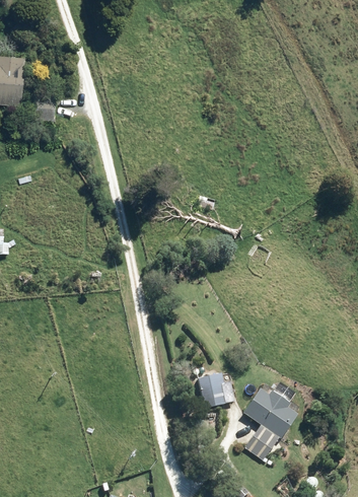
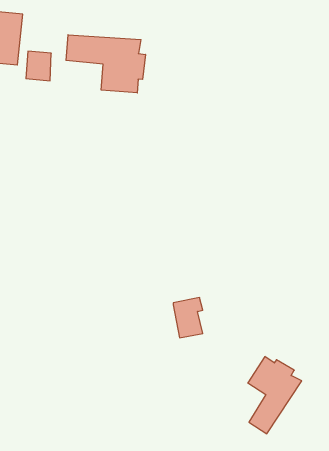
building: none -> [66,35,145,93]
building: [197,371,225,410] -> [173,298,203,338]

